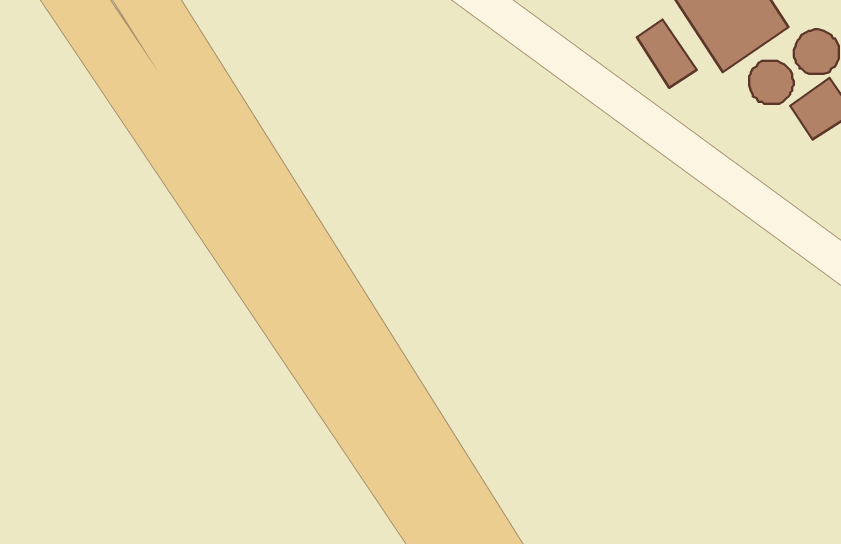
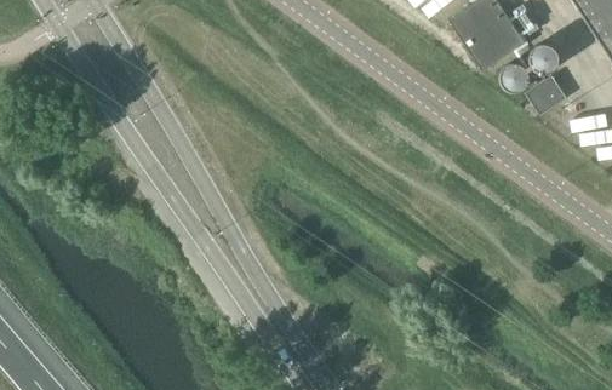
building: [637,20,697,88] -> none

